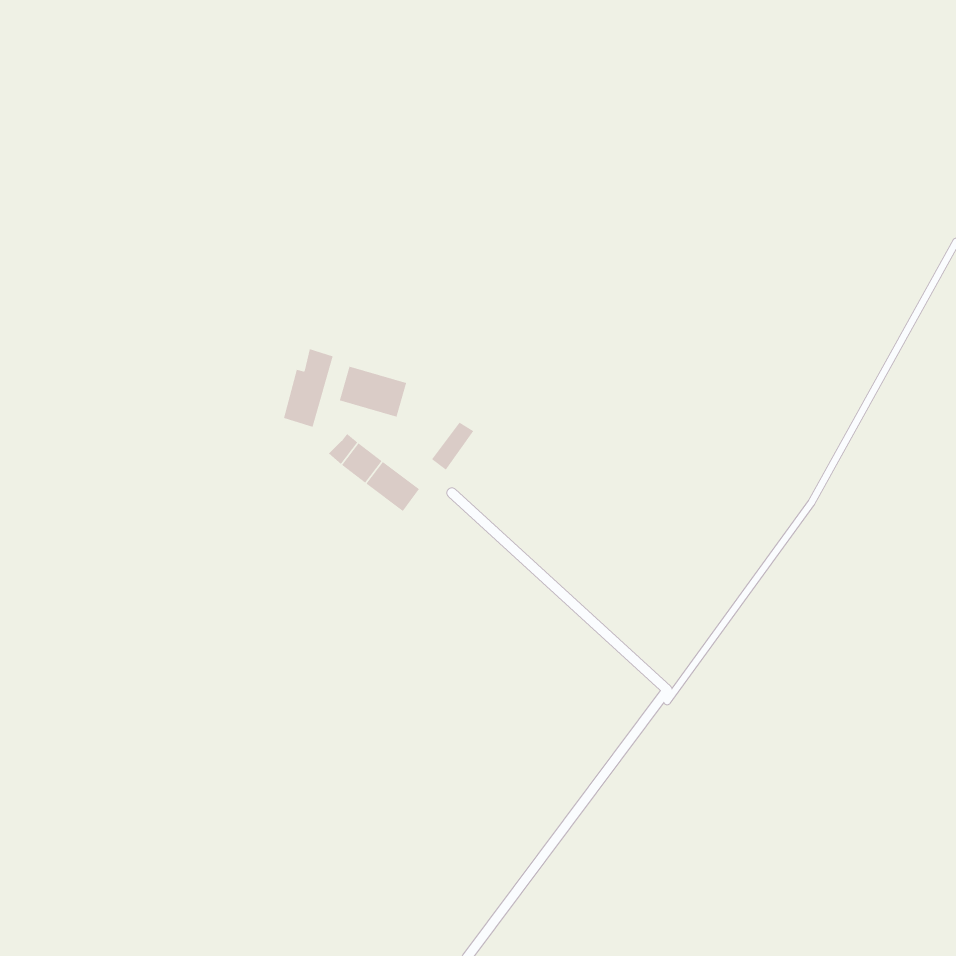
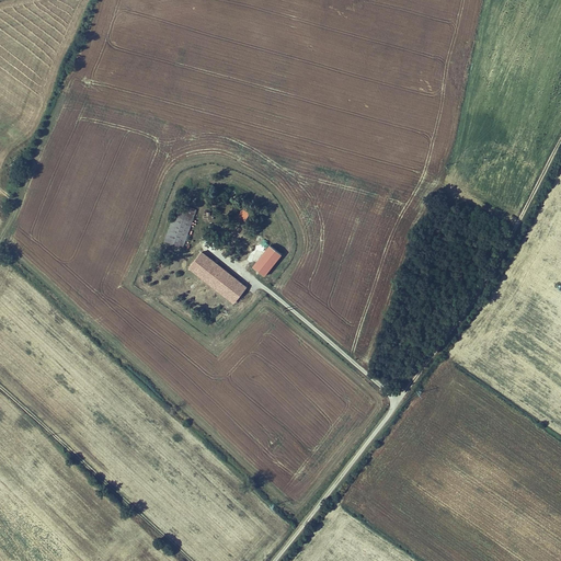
building: [339,366,407,418] -> none

